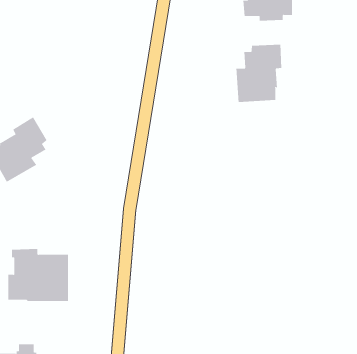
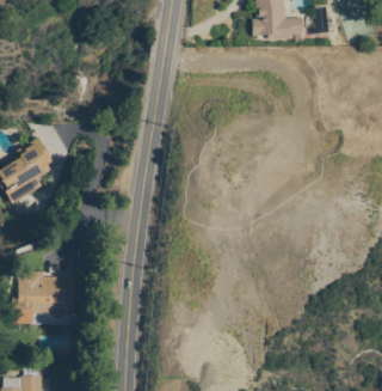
building: [236,44,282,103] -> none

